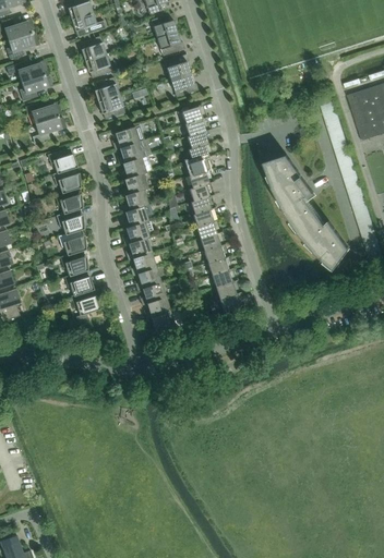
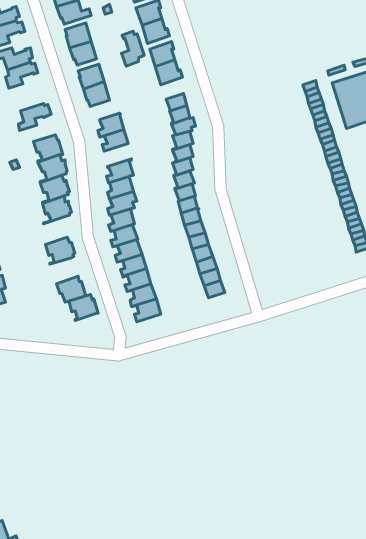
building: none -> [121,31,144,66]
building: [25,102,61,124] -> none
building: [264,155,349,270] -> none
building: [119,156,152,180] -> none
building: [58,230,87,258] -> none
building: [64,271,94,298] -> [69,295,98,321]

